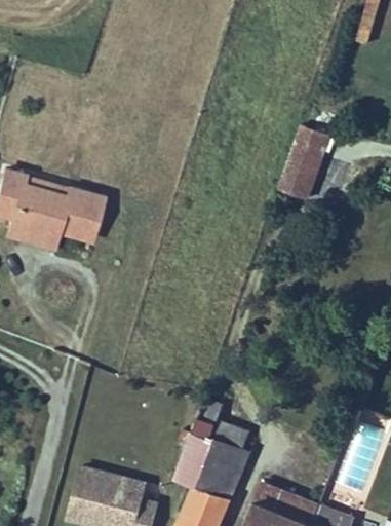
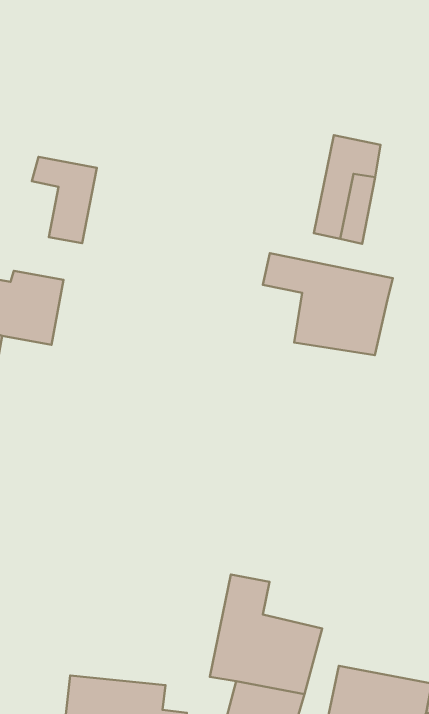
building: none -> [32,157,97,243]
building: none -> [263,253,393,355]
building: [213,422,262,458] -> none

